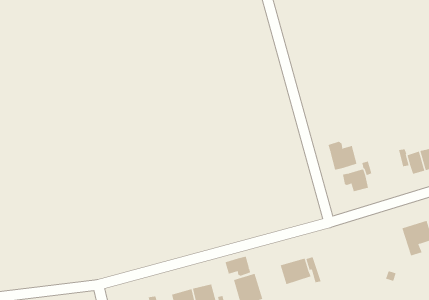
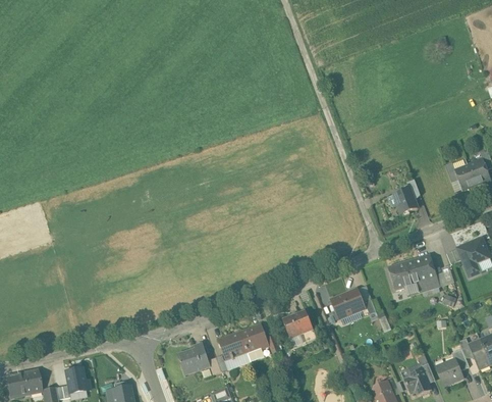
building: [328,141,357,170] -> none
building: none -> [387,255,438,295]
building: [225,256,251,276] -> none

